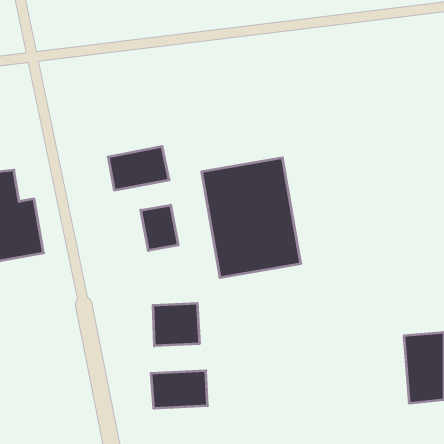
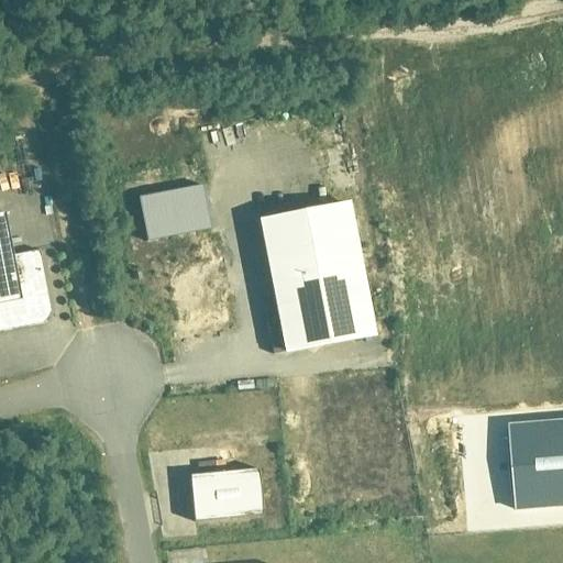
building: [141,205,178,251] -> none
building: [153,303,199,346] -> none

